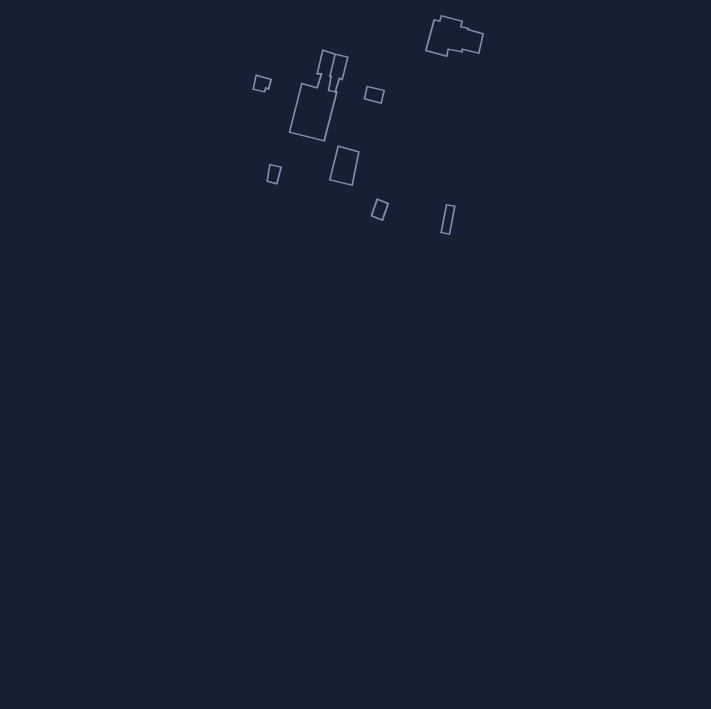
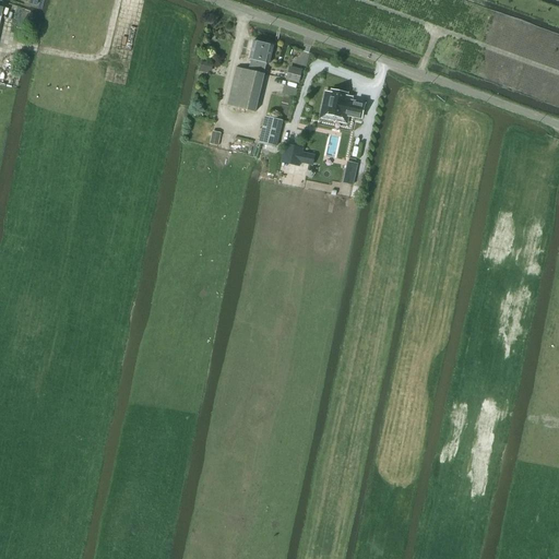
building: [426,16,483,56] -> [319,88,364,120]

